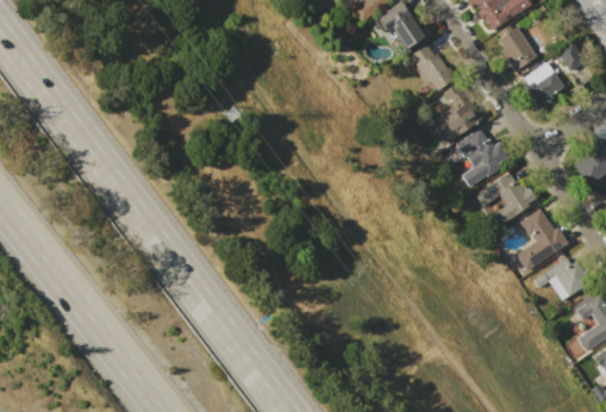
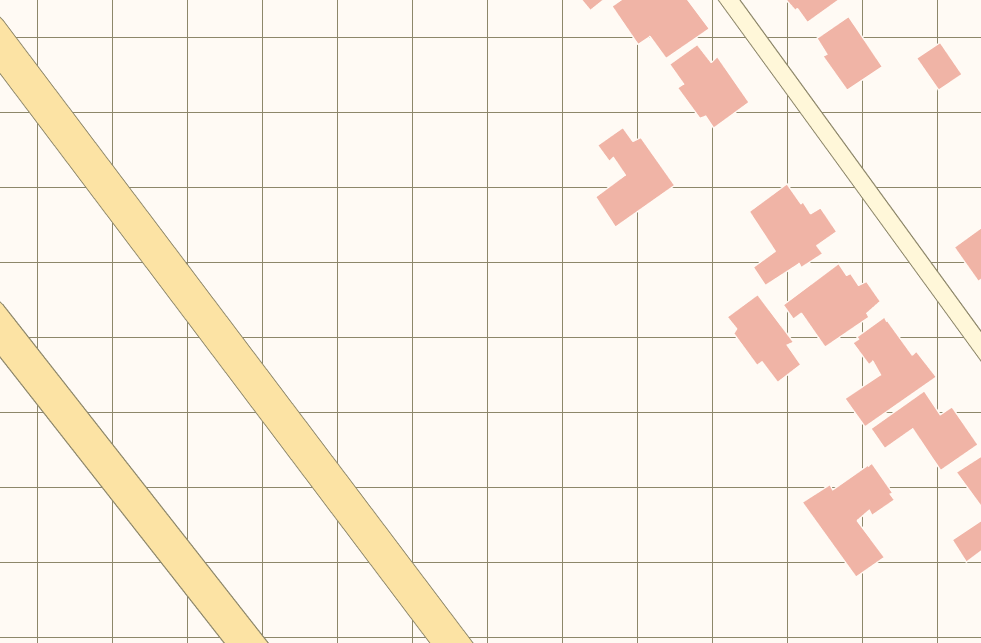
building: [521,61,563,110] -> none
building: [438,80,486,139] -> [595,128,675,227]
building: none -> [727,295,801,382]
building: none -> [802,463,895,577]

